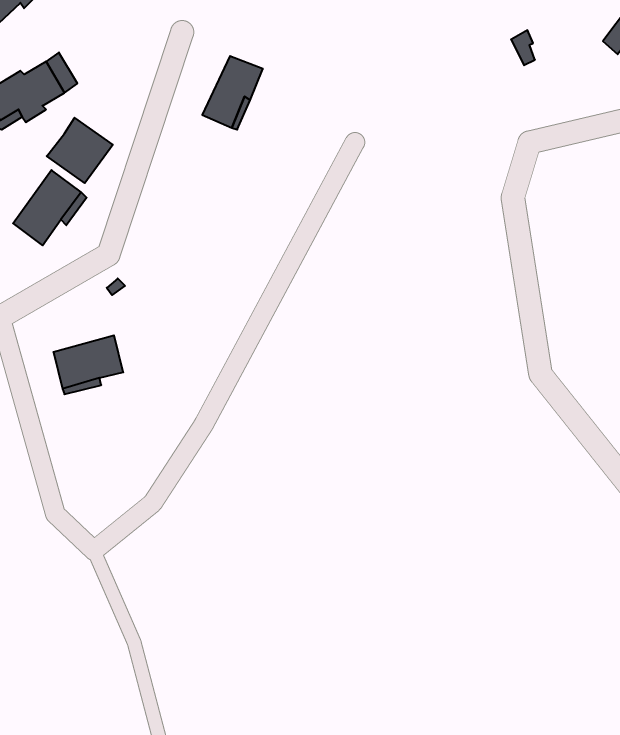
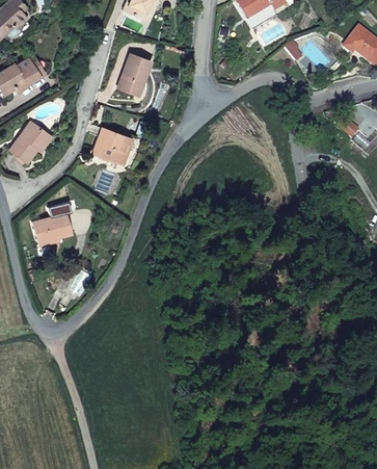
building: [47,118,113,183] -> none
building: none -> [91,127,130,162]

